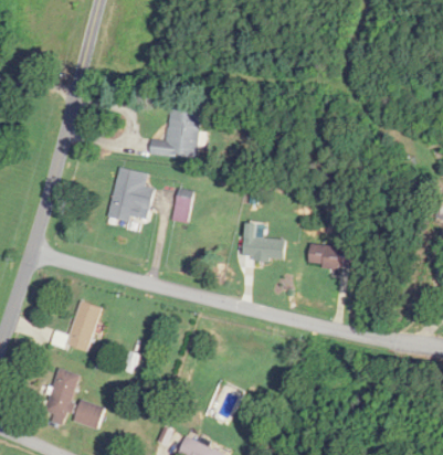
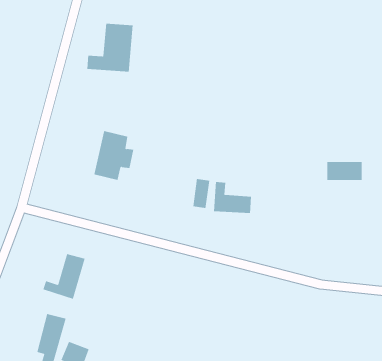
building: [149,104,201,158] -> [86,23,133,72]
building: [172,189,192,222] -> [192,179,210,209]
building: [308,246,348,267] -> [327,162,363,181]

